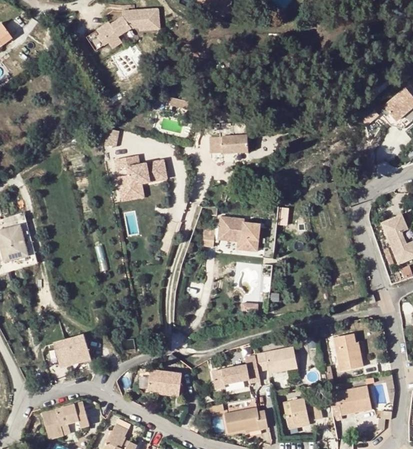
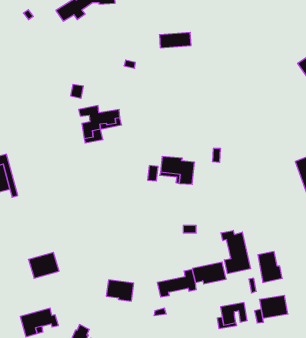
building: [209,134,248,153] -> [159,32,191,48]
building: none -> [221,230,251,274]
building: [222,408,265,432] -> none

